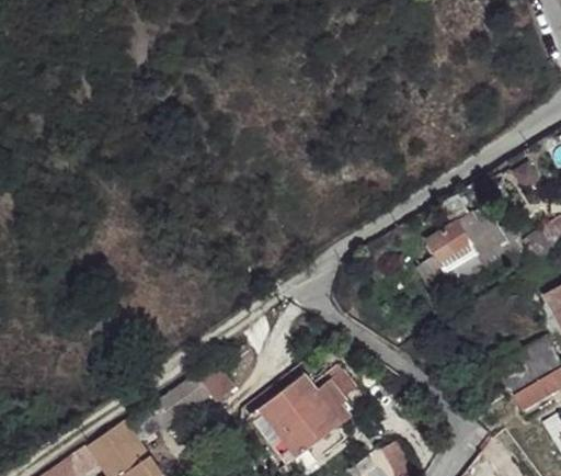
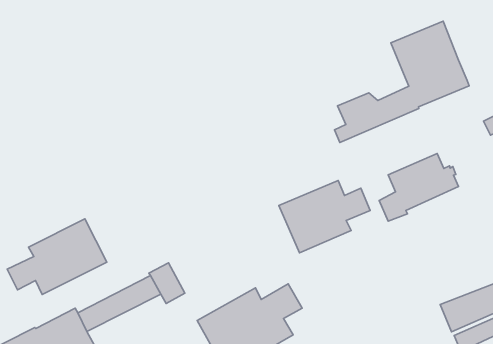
building: none -> [335,21,469,143]
building: none -> [279,180,370,253]
building: none -> [7,219,107,294]

